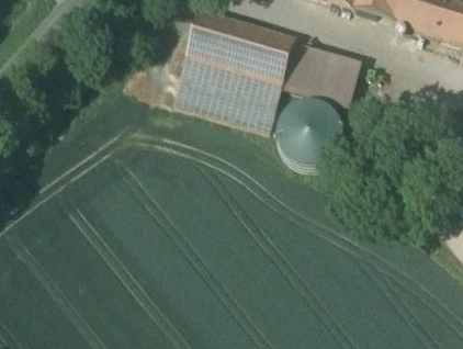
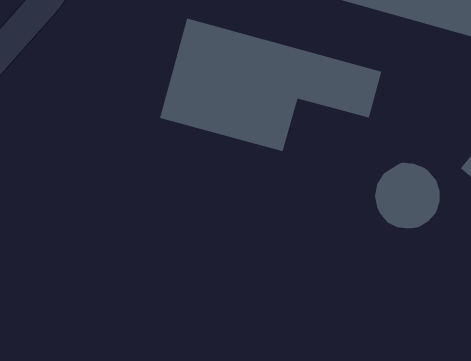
building: [282,104,340,162] -> [374,162,440,229]

